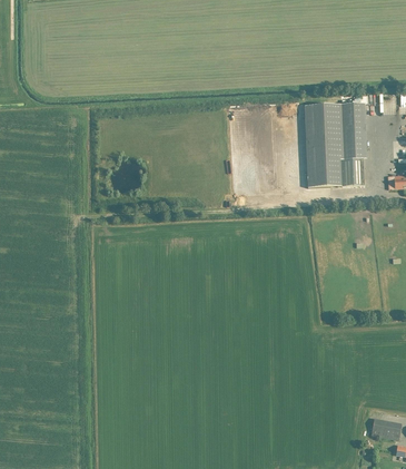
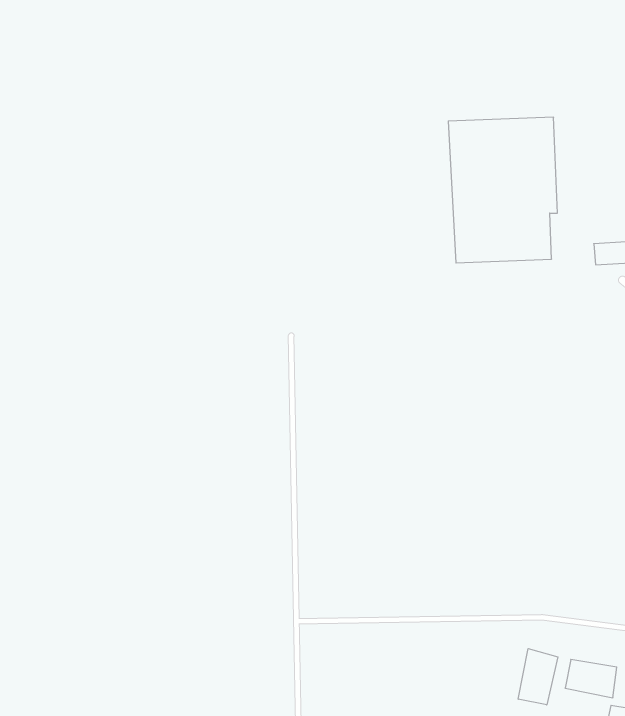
building: none -> [518,649,558,705]

